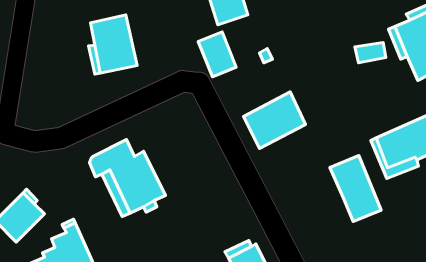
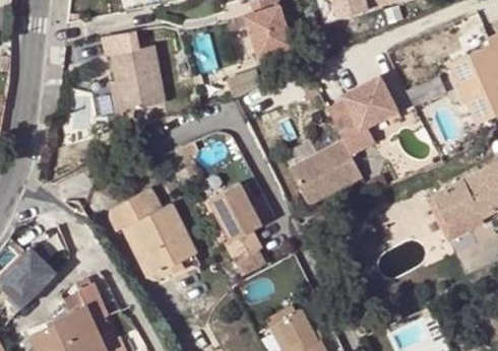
building: none -> [326,75,395,148]
building: none -> [207,181,262,260]
building: [330,155,381,221] -> none

